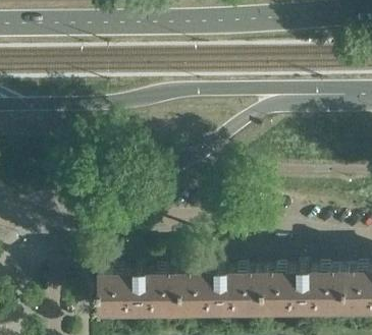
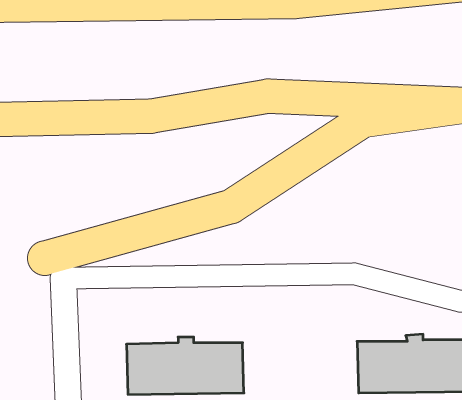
building: [178,271,261,312] -> none

